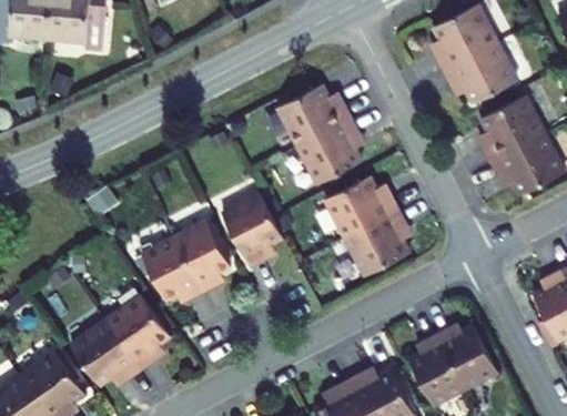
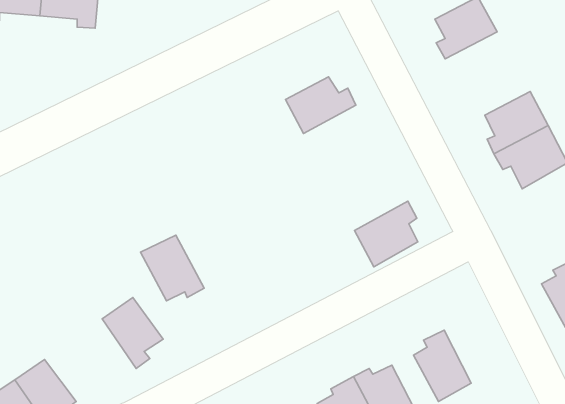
building: [441,42,508,99] -> none
building: [302,114,363,179] -> none
building: [334,181,404,237] -> none
building: [226,199,286,271] -> none
building: [176,227,229,294] -> none
building: [69,324,138,390] -> none
building: [439,324,495,387] -> none

